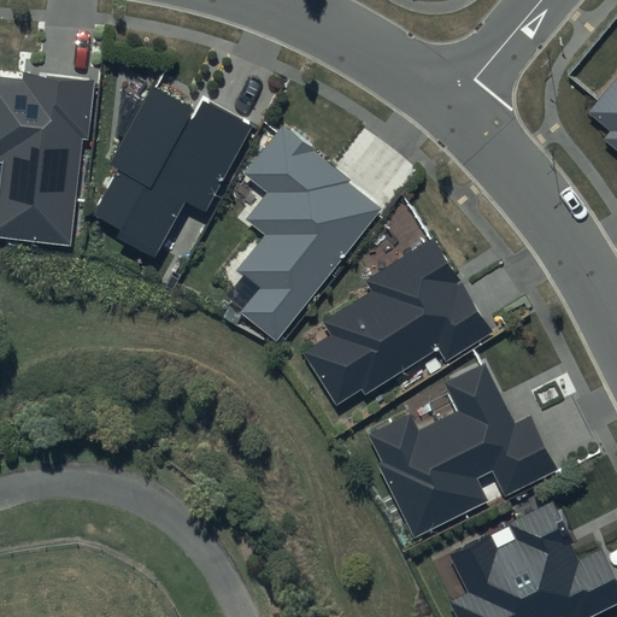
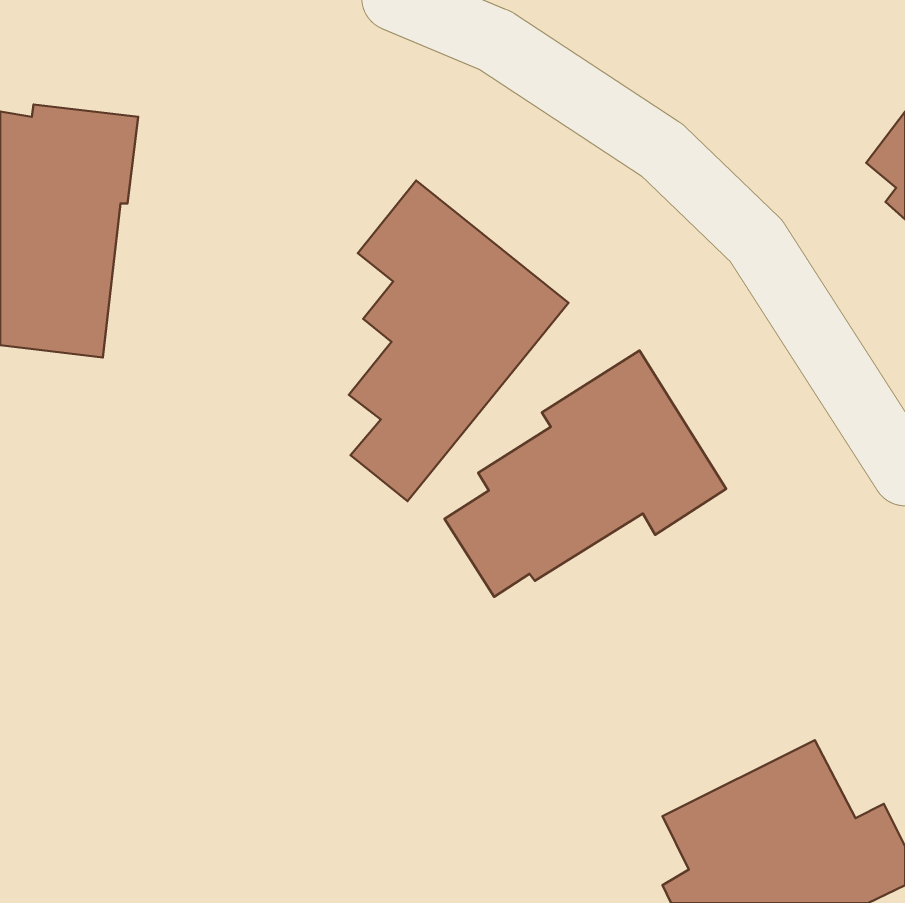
building: [93,87,249,258] -> none
building: [369,362,559,535] -> none

